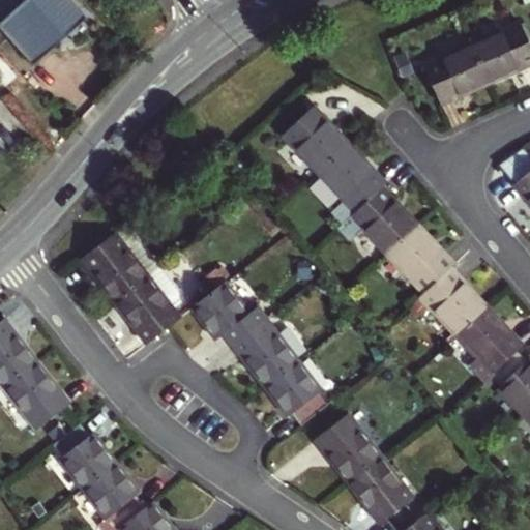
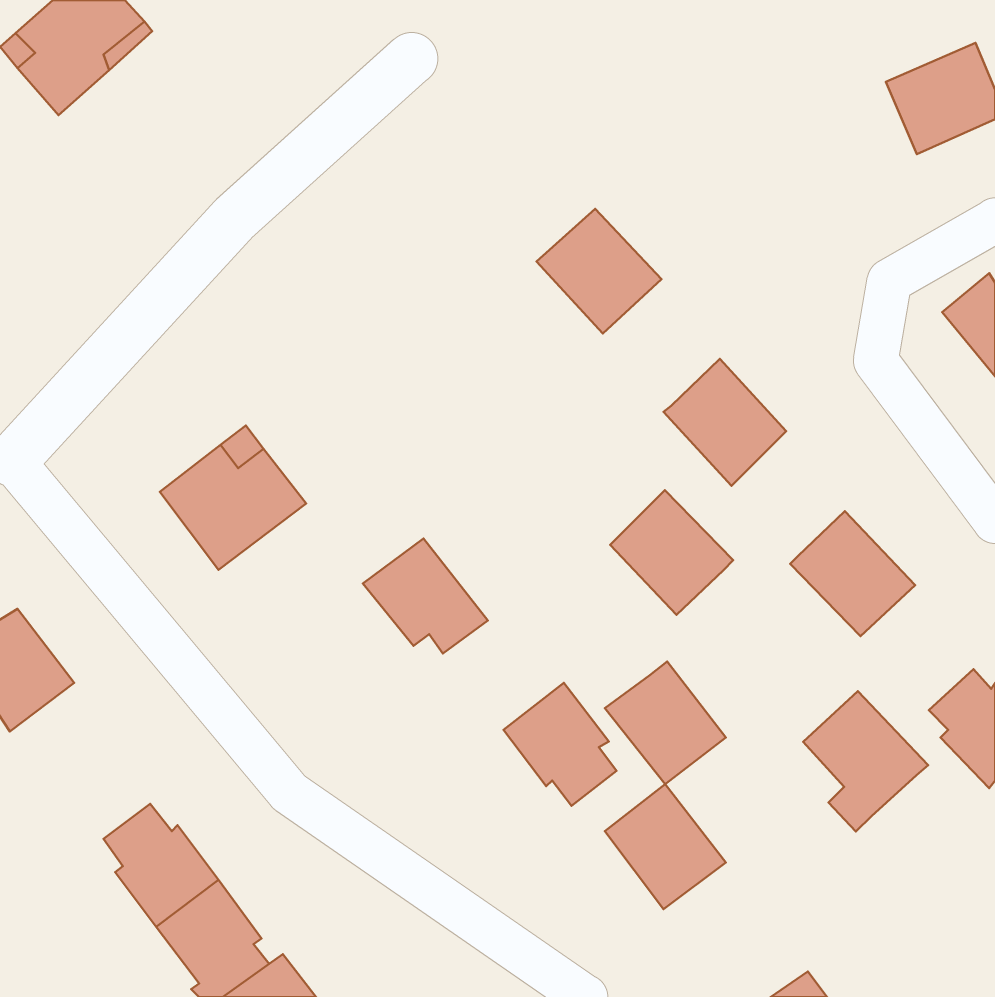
building: [424,43,487,101] -> none
building: [320,148,387,215] -> none
building: [388,229,453,295] -> [610,490,733,615]
building: [116,267,181,345] -> none
building: [457,311,523,385] -> [803,691,928,832]
building: [235,322,299,387] -> [605,661,726,784]
building: [5,362,70,430] -> none
building: [352,458,415,523] -> none

